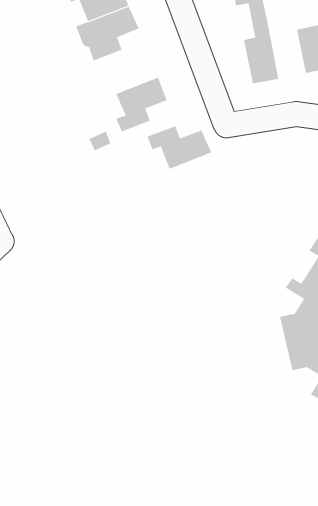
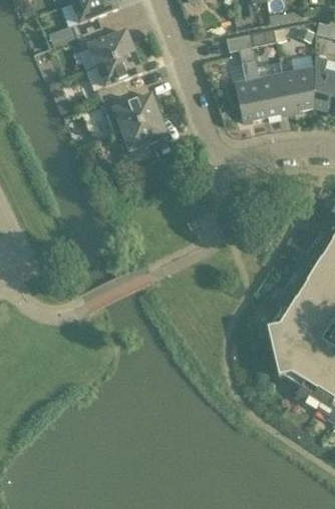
building: none -> [257,60,290,115]
building: [147,125,212,169] -> [101,89,159,128]

